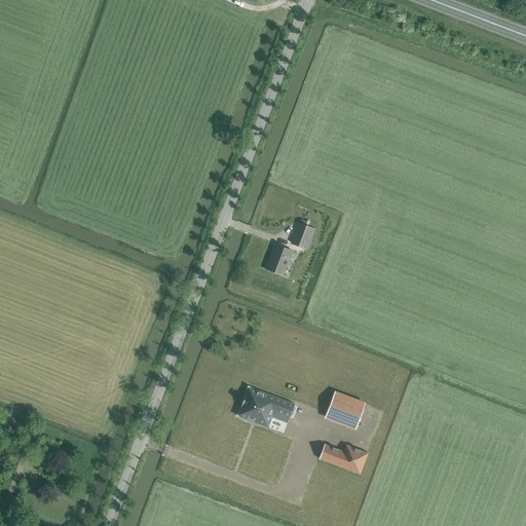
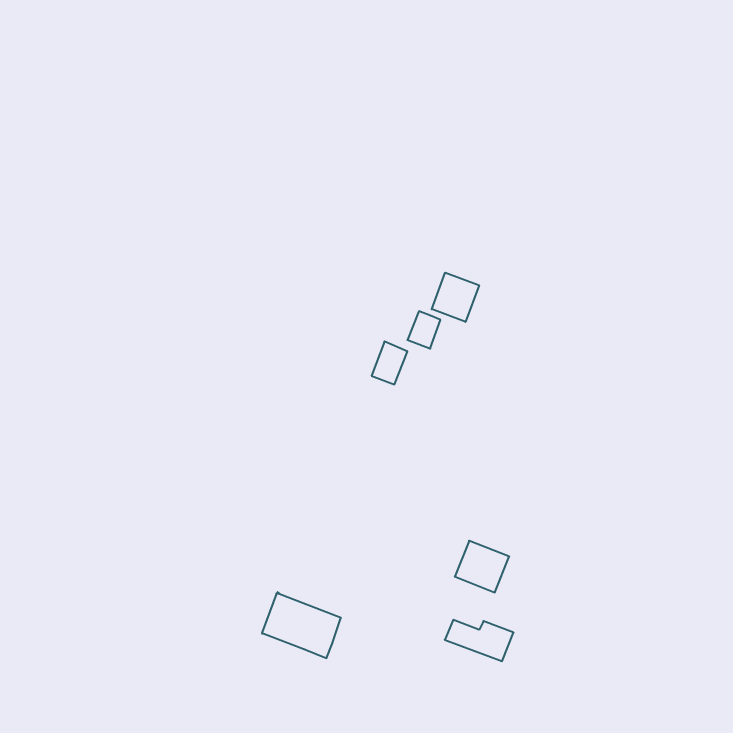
building: none -> [432,273,479,322]
building: [237,386,294,434] -> [262,592,341,658]

